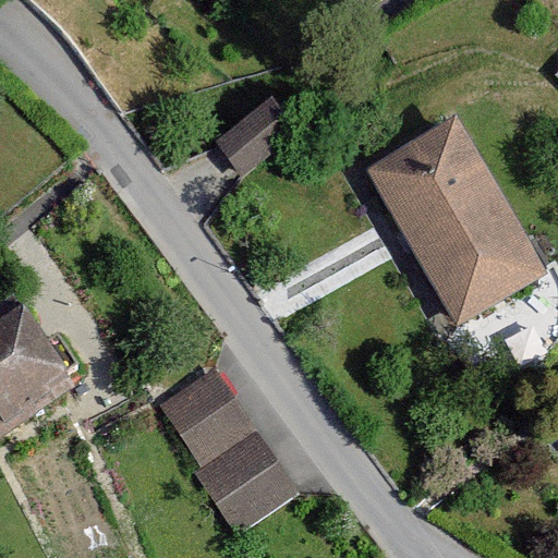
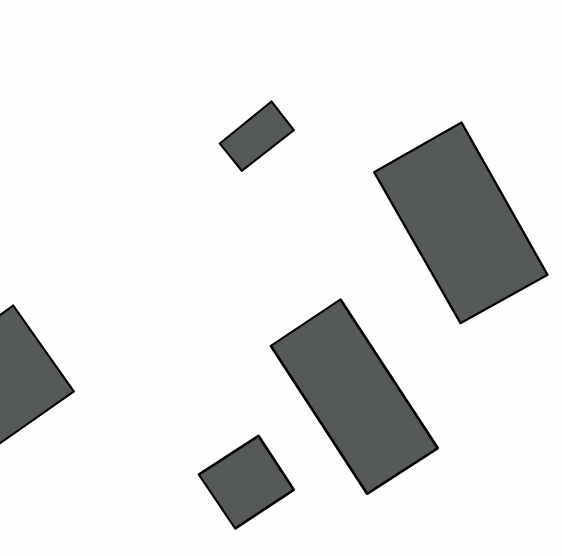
building: none -> [271,300,438,494]
building: [163,367,248,454] -> none

